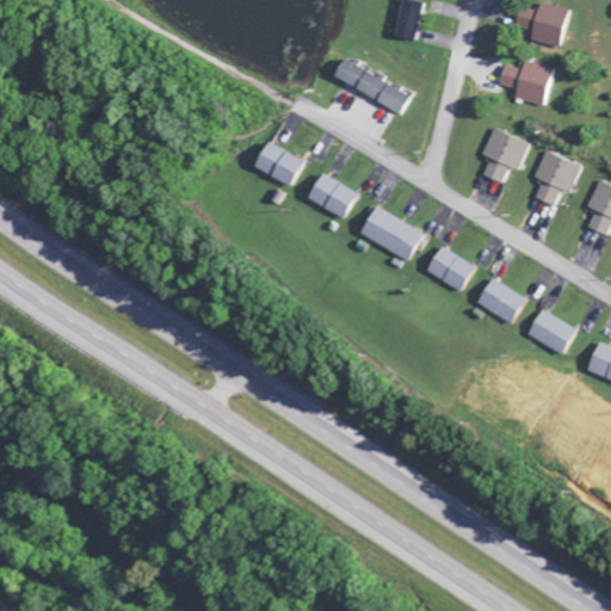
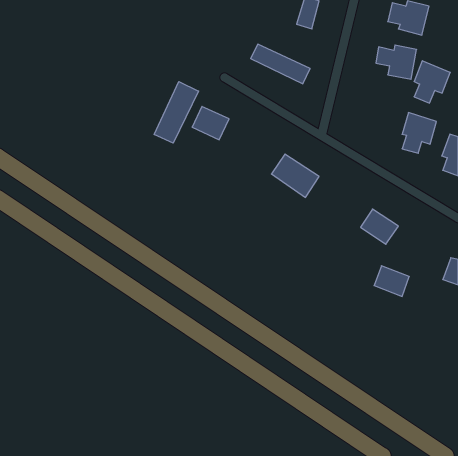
building: none -> [154,82,199,143]
building: [480,125,527,181] -> [414,61,450,103]
building: [308,173,357,216] -> none
building: [426,246,475,289] -> none
building: [529,310,575,351] -> [374,266,409,296]

